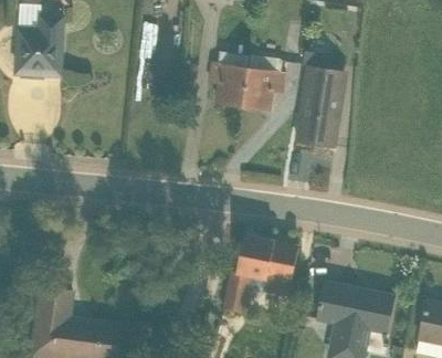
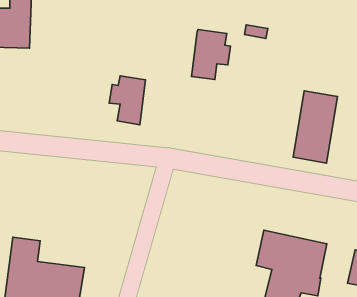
building: [207,52,248,107] -> [109,76,146,125]
building: [295,65,345,147] -> [293,91,337,163]
building: [222,235,297,317] -> none

